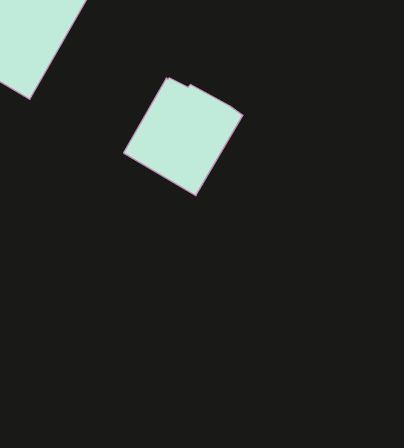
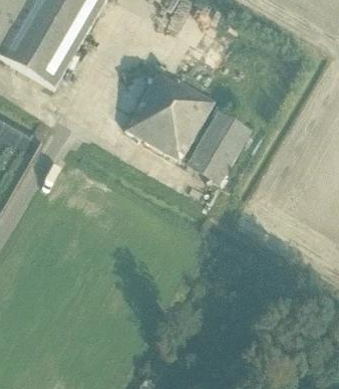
building: none -> [187,109,251,182]

